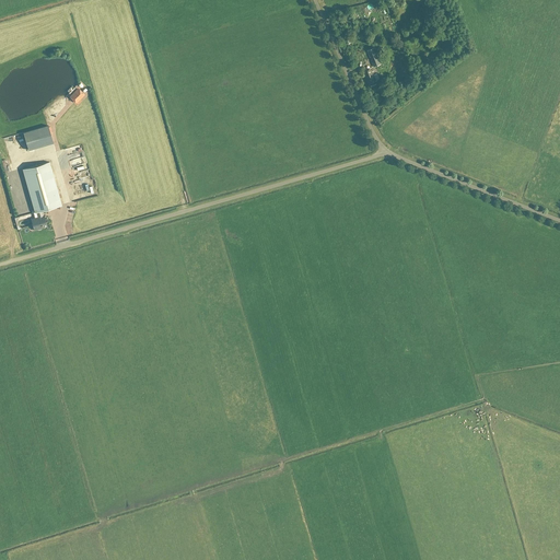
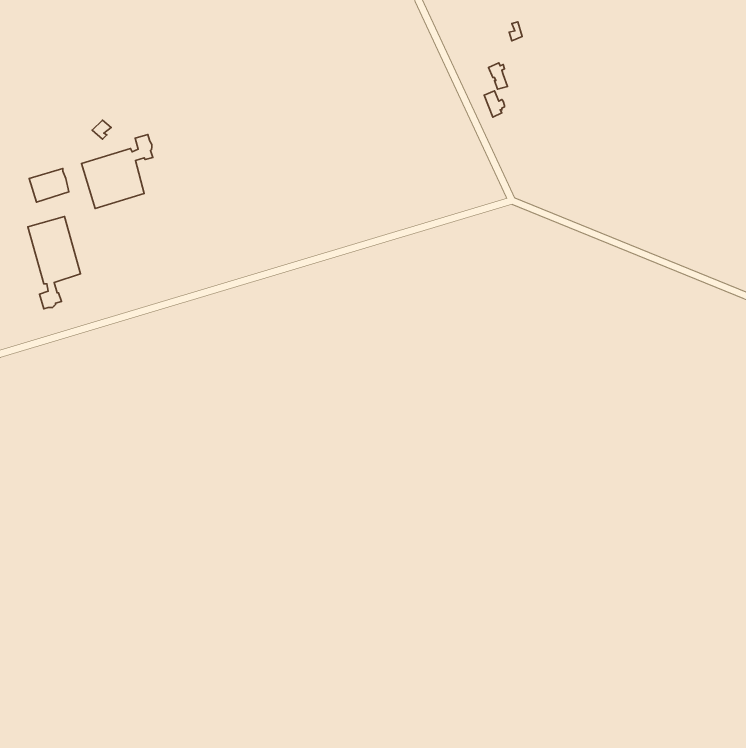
building: none -> [81,135,153,208]

